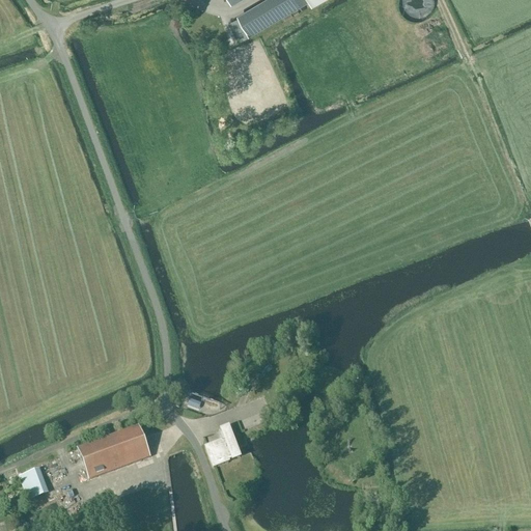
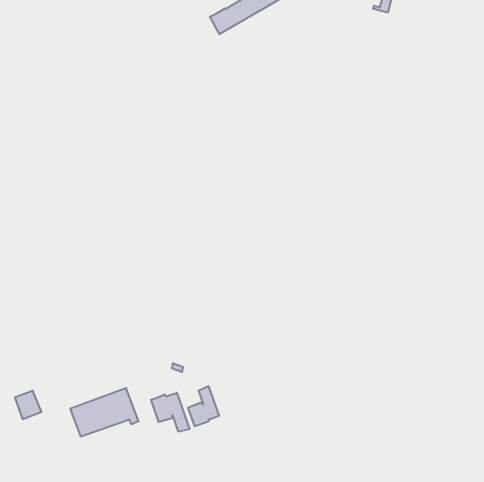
building: none -> [151,393,190,432]
building: [20,468,49,499] -> [15,391,42,419]

